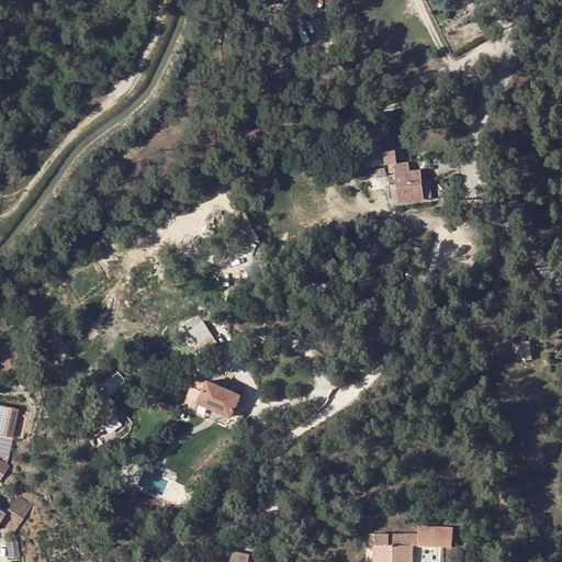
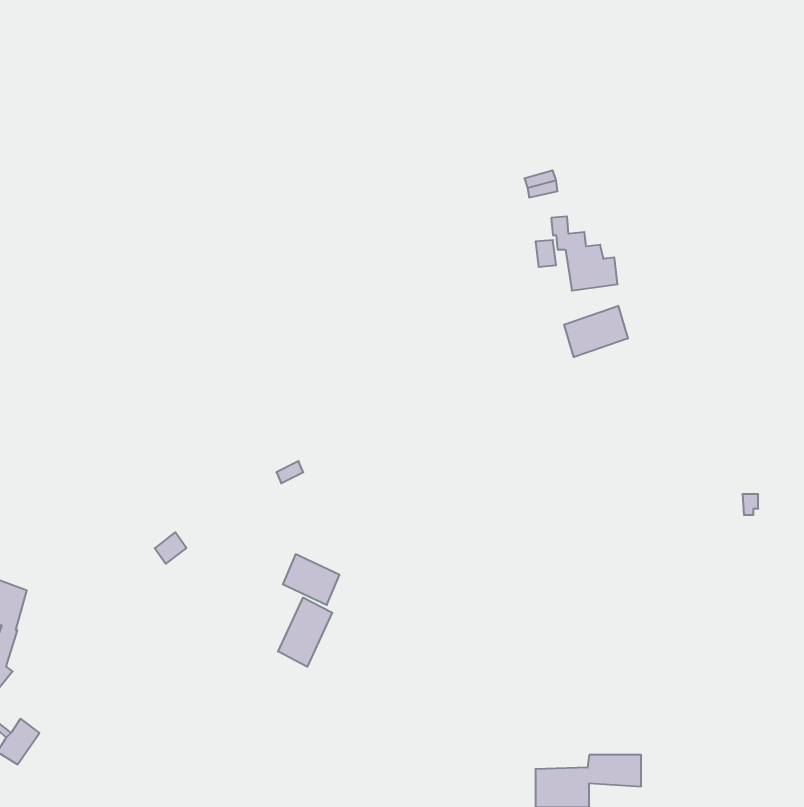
building: none -> [564,306,628,357]
building: none -> [278,598,332,667]

